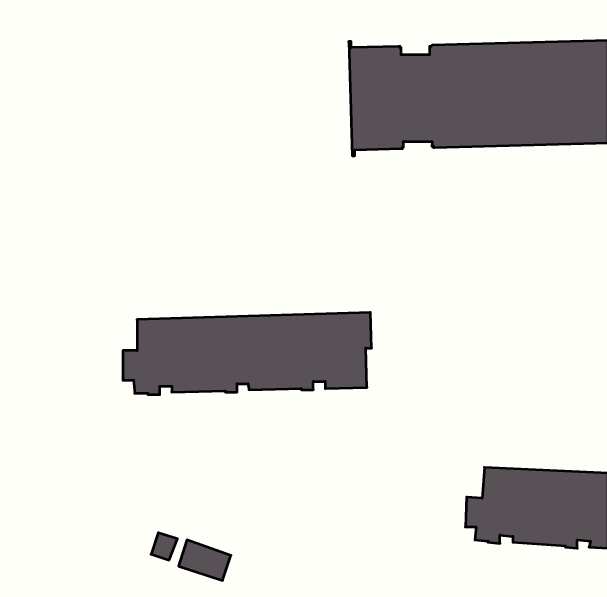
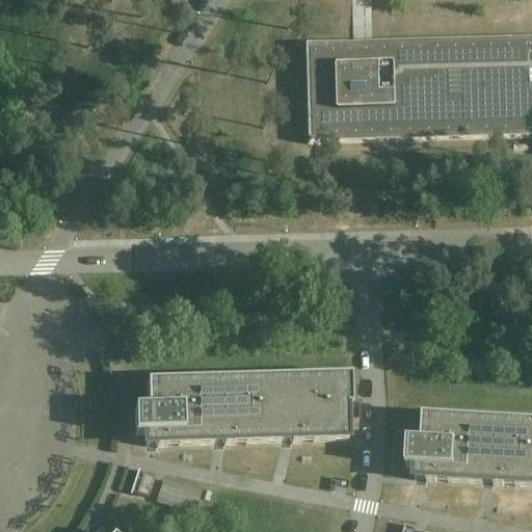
building: [123,312,372,395] -> [136,368,353,440]

